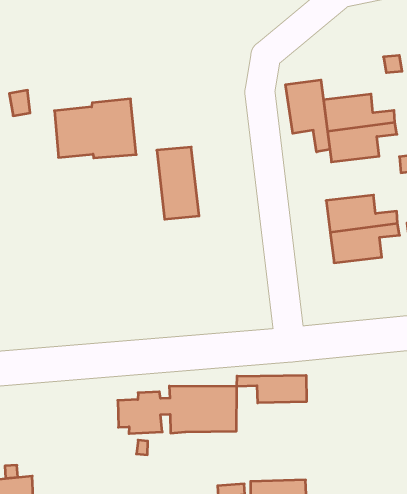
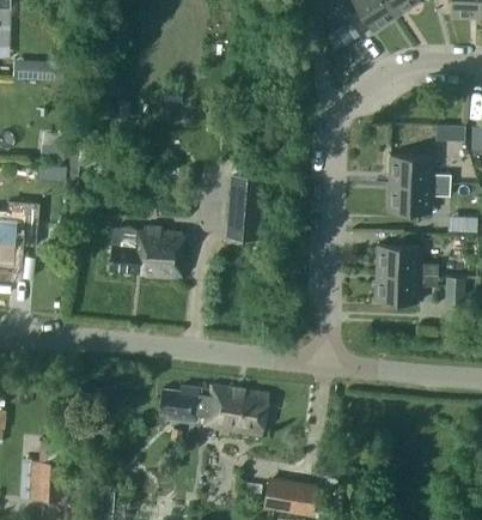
building: [286,80,330,152] -> none
building: [54,99,136,158] -> [109,228,182,280]
building: [237,375,306,403] -> none

